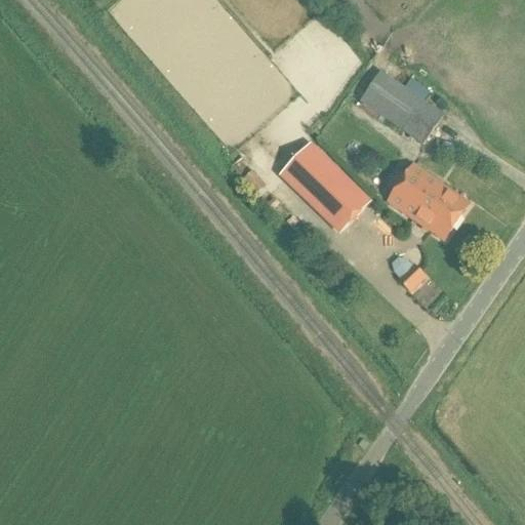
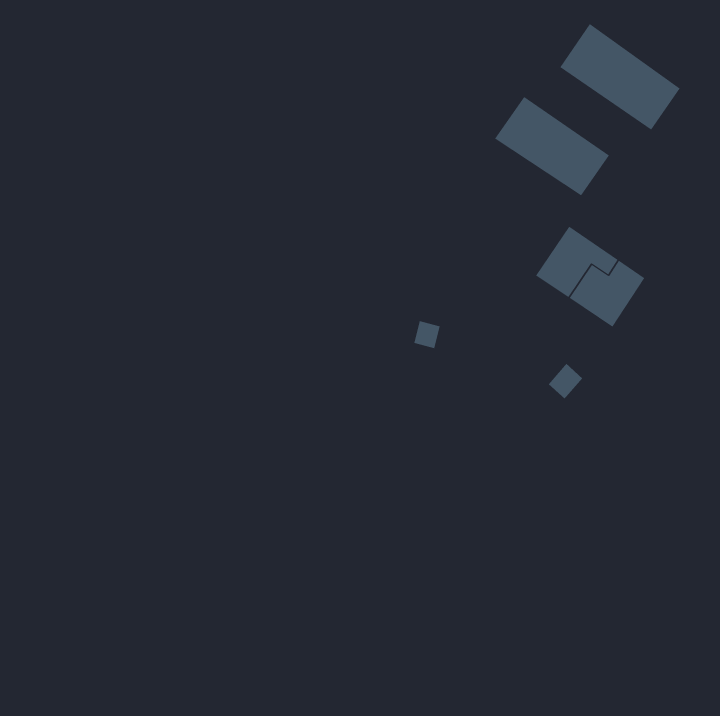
building: none -> [560,23,680,131]
building: [279,140,371,233] -> none

